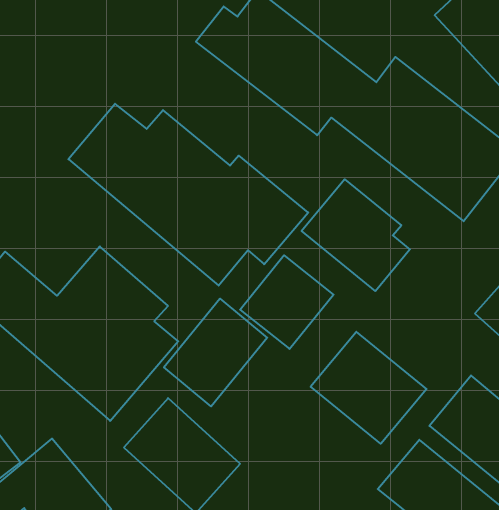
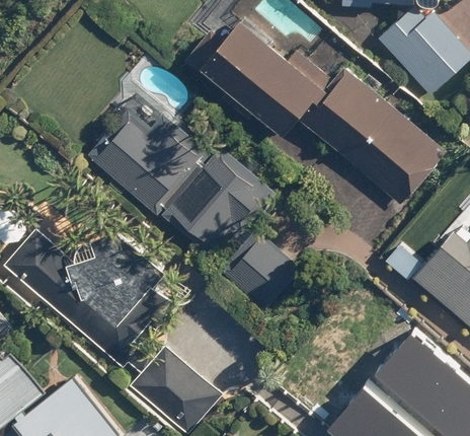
building: [302,179,410,291] -> none
building: [164,299,267,406] -> none
building: [311,332,427,444] -> none

